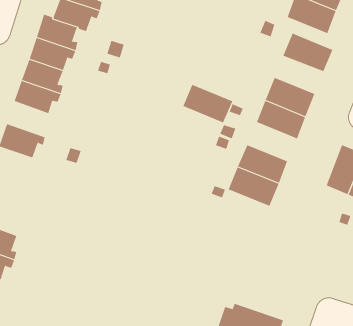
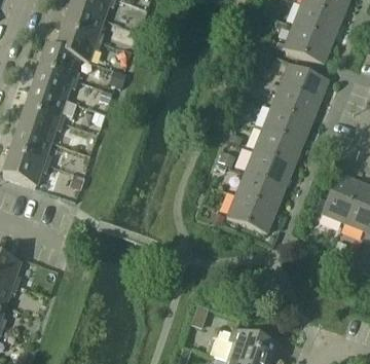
building: none -> [271,85,320,122]
building: [182,84,233,123] -> [245,150,294,188]
building: none -> [10,130,51,165]

